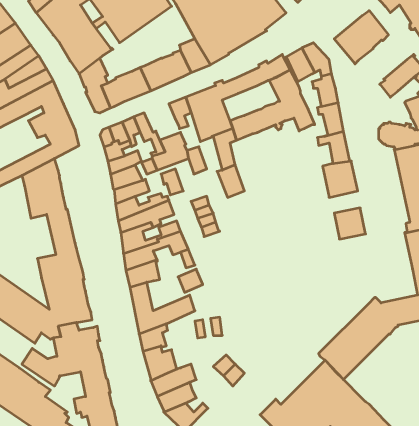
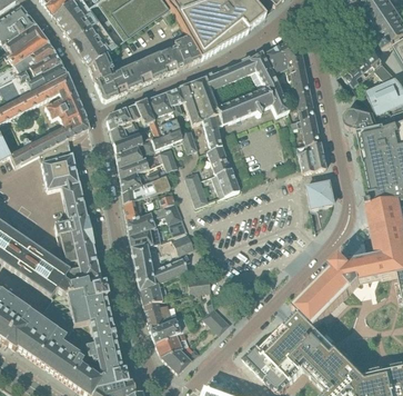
building: [334,11,388,64] -> none
building: none -> [147,90,175,121]
building: none -> [212,165,240,195]

